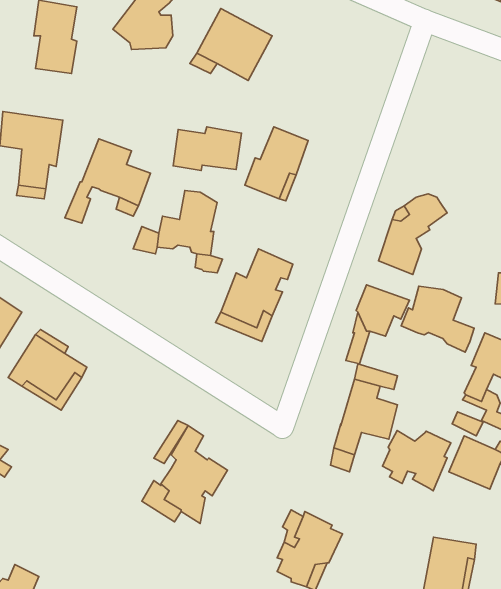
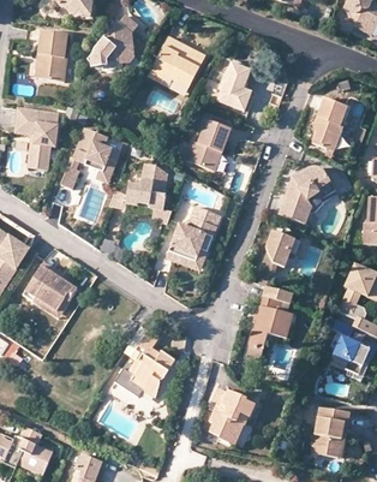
building: none -> [217,63,251,109]
building: none -> [312,97,347,150]
building: [173,127,241,171] -> none
building: [401,286,474,352] -> none
building: [383,431,451,491] -> none

